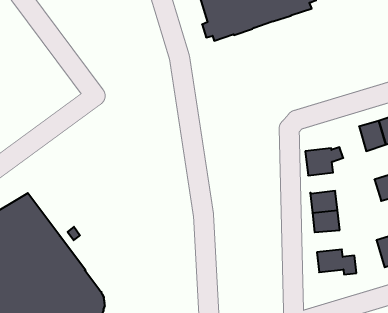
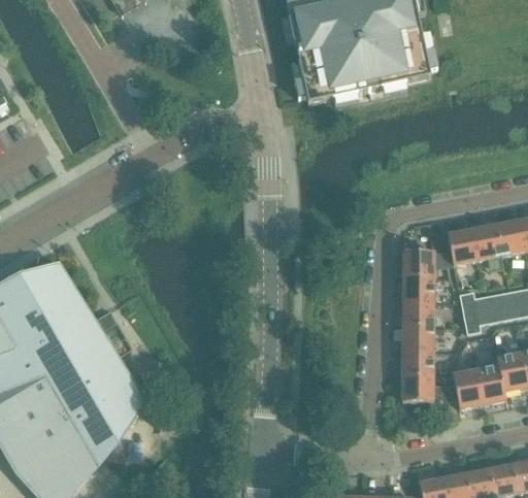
building: none -> [448,228,477,263]
building: none -> [403,280,434,303]
building: none -> [461,291,489,332]
building: none -> [403,351,434,375]
building: none -> [453,369,484,407]

